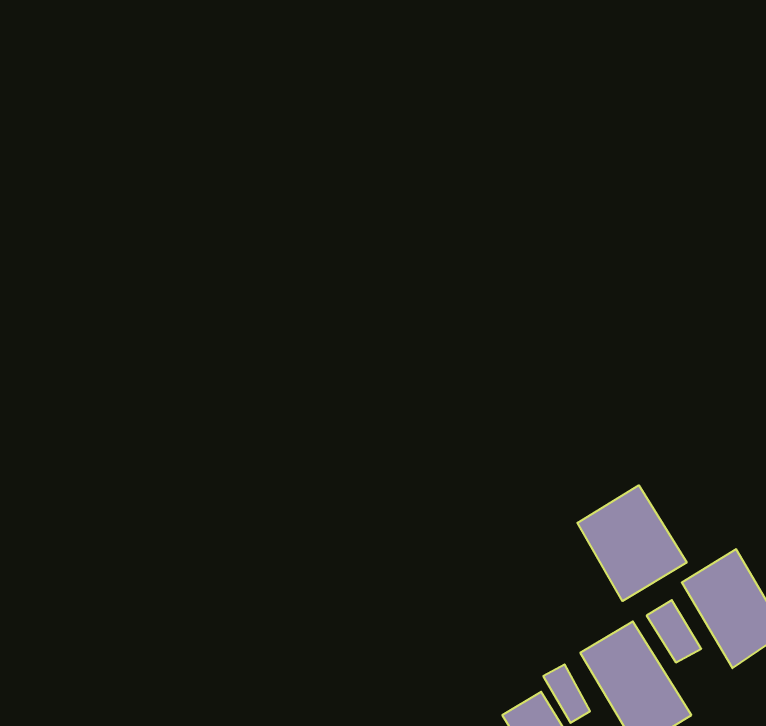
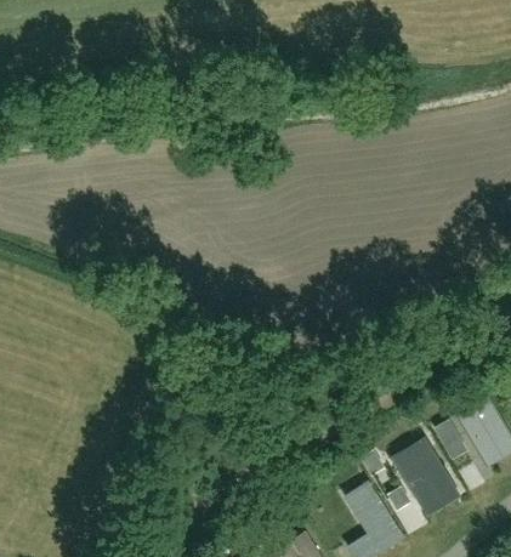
building: [577,485,687,601] -> none

